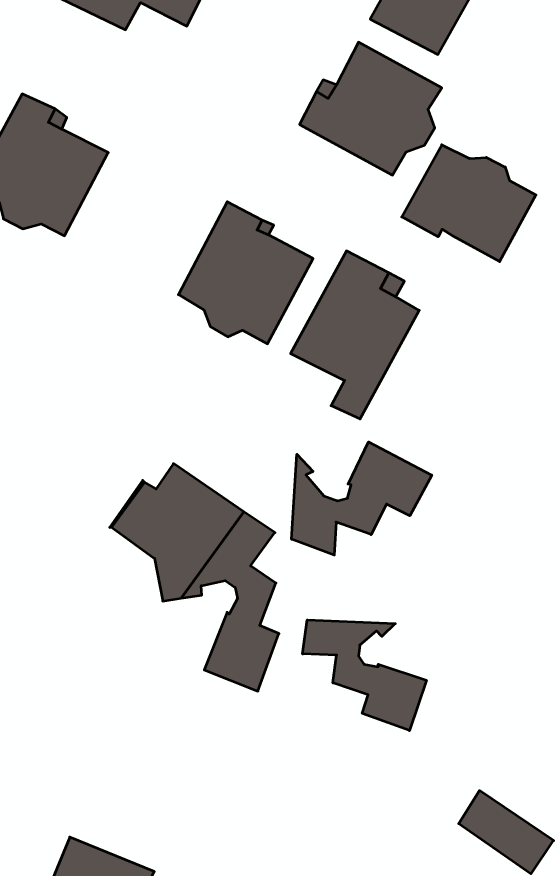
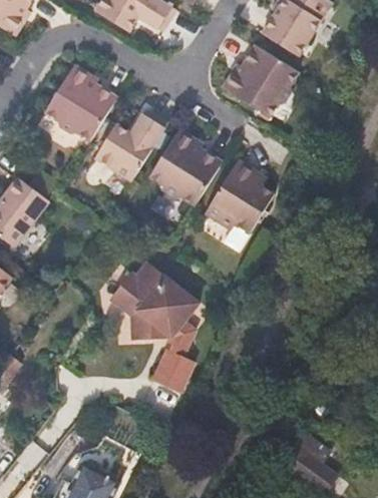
building: [402,145,536,262] -> none
building: none -> [98,106,168,176]
building: [292,442,432,555] -> none
building: [303,620,426,731] -> none

